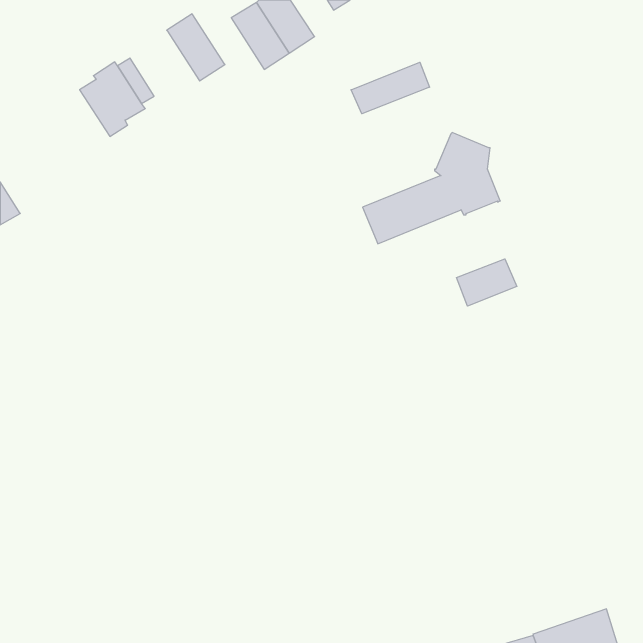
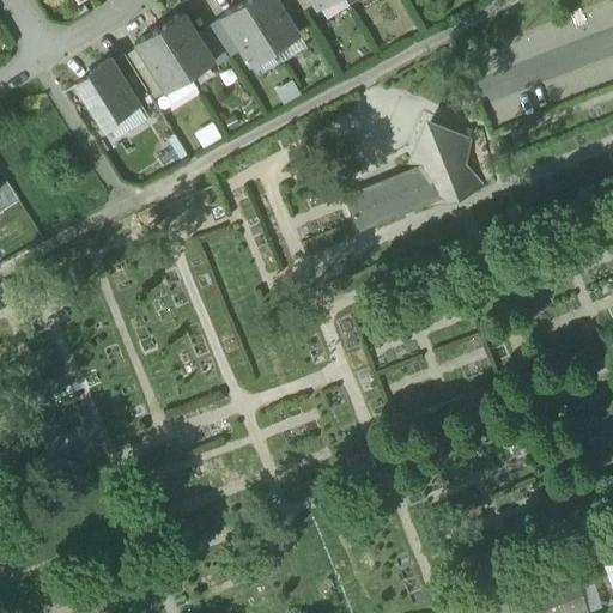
building: none -> [136,31,192,95]
building: [351,62,430,114] -> none
building: [456,259,517,306] -> none

